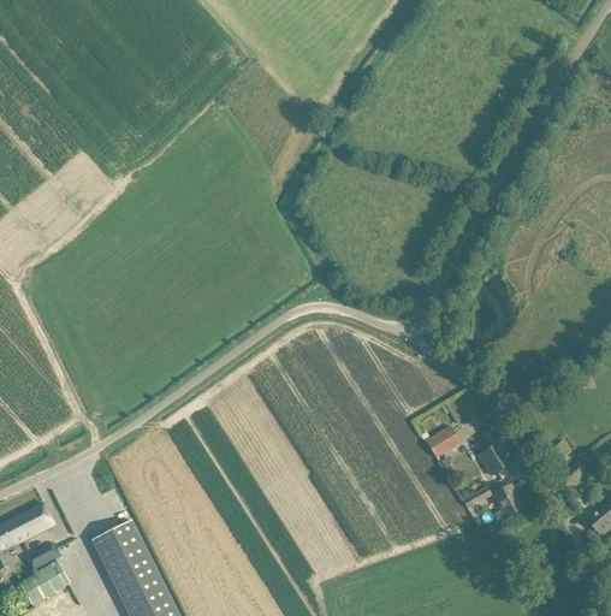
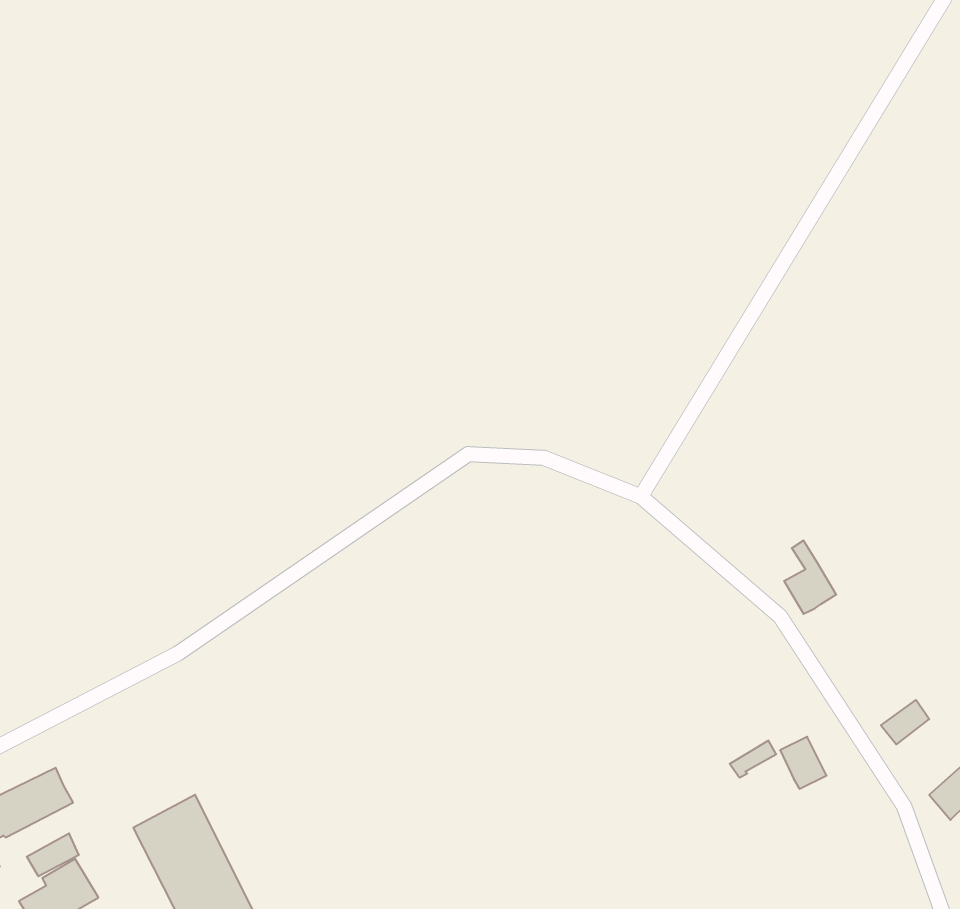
building: [427,426,461,457] -> none
building: [480,428,512,474] -> [784,540,836,614]

